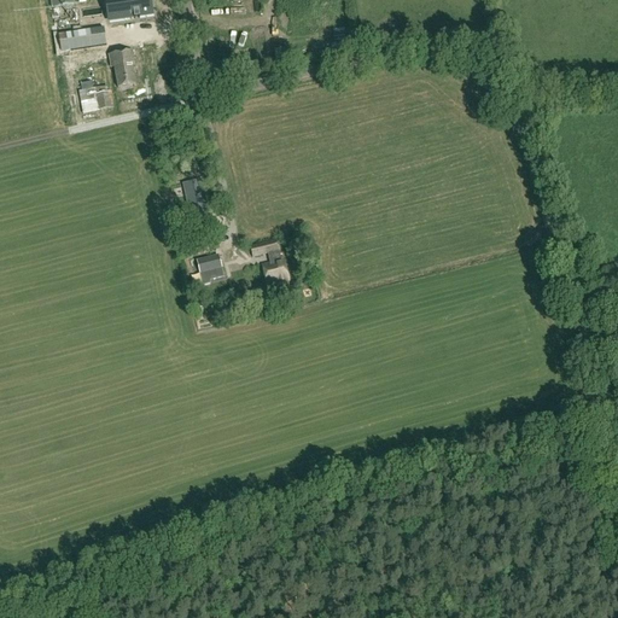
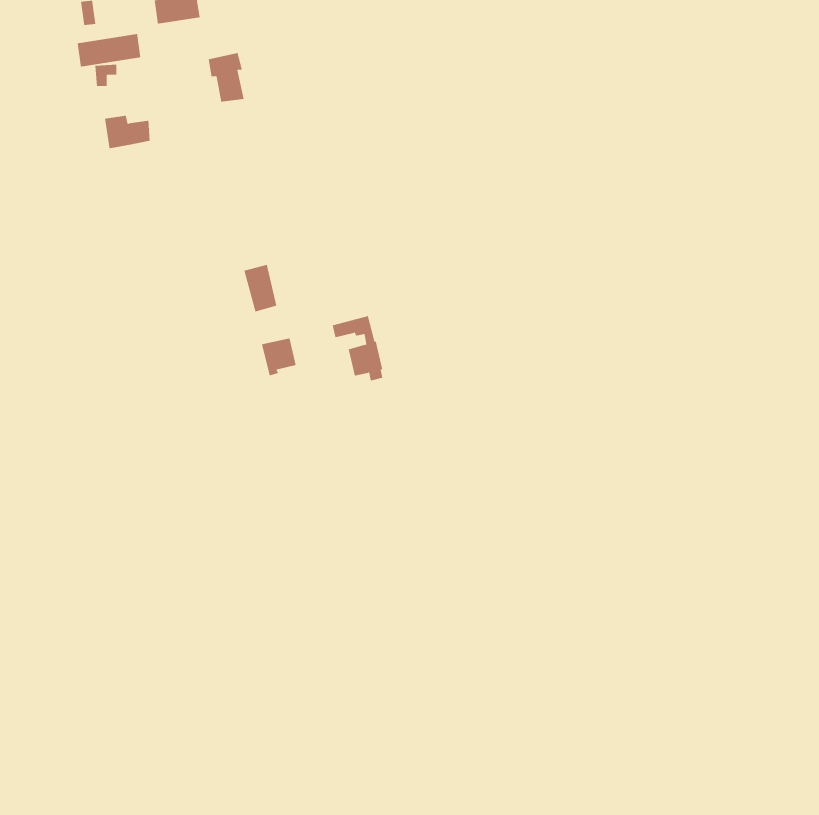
building: [109,48,136,86] -> [208,53,245,102]

